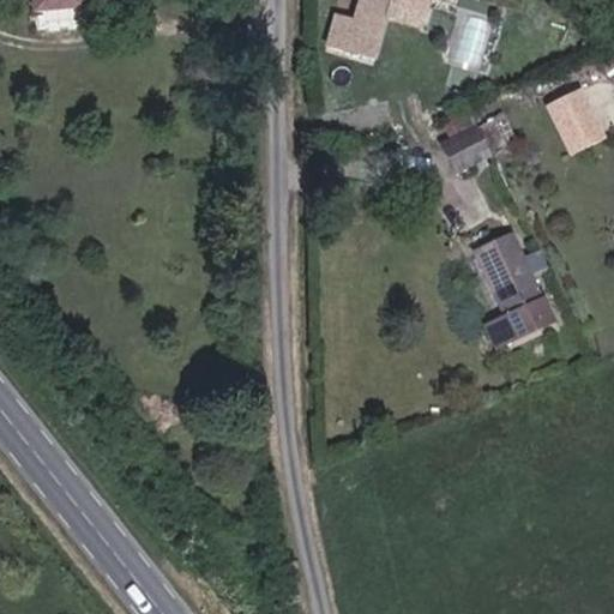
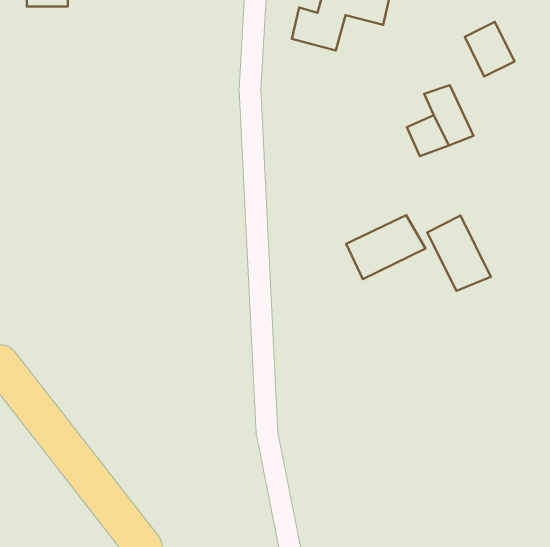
building: [549,86,604,148] -> [465,22,514,77]
building: none -> [346,215,425,279]

